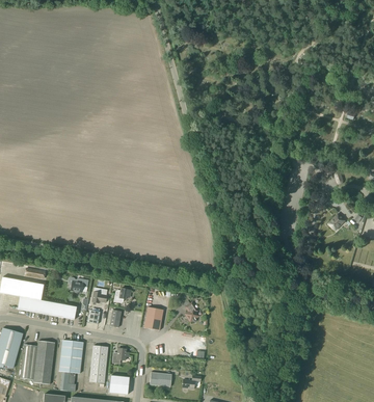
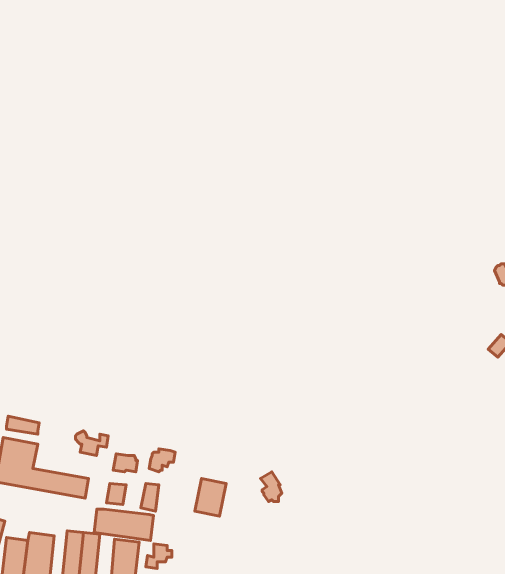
building: none -> [94,509,153,541]

